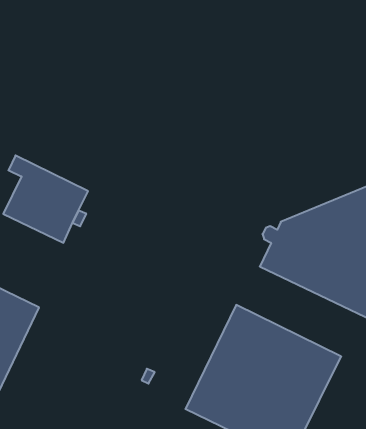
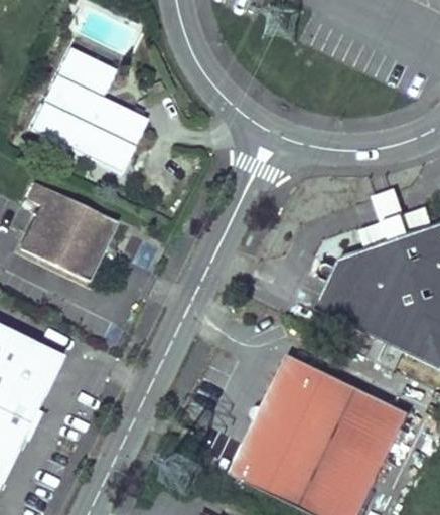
building: none -> [31,47,148,173]

